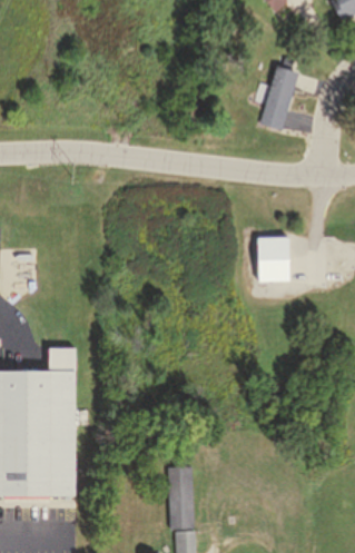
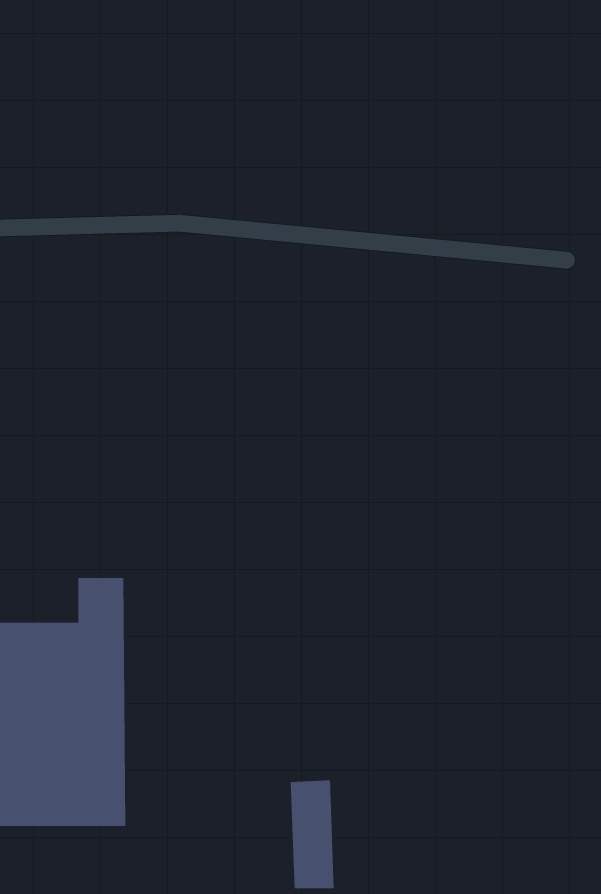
building: [264,62,297,120] -> none
building: [258,236,292,279] -> none

